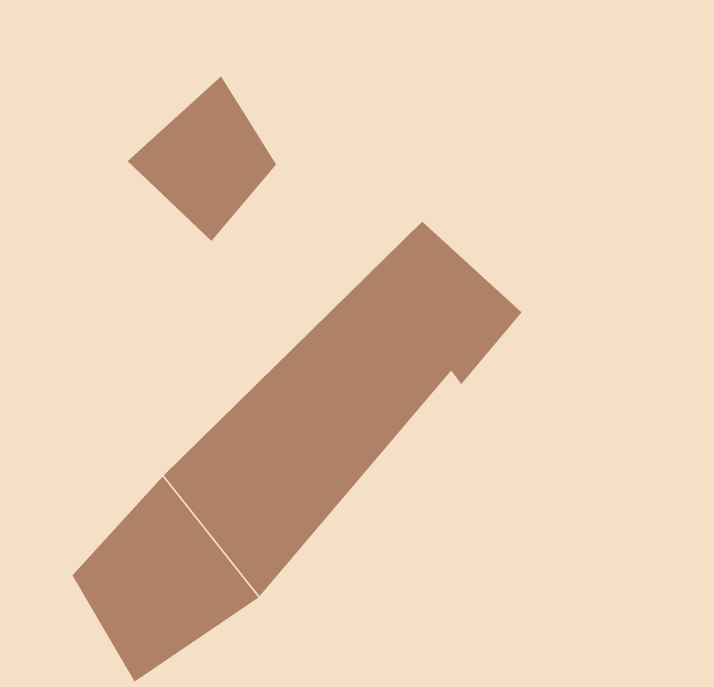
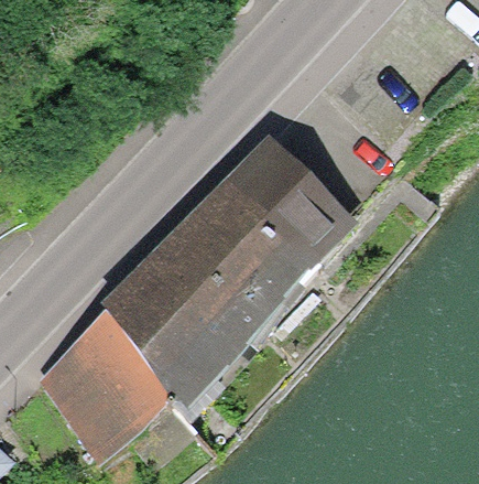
building: [127,75,277,242] -> none

